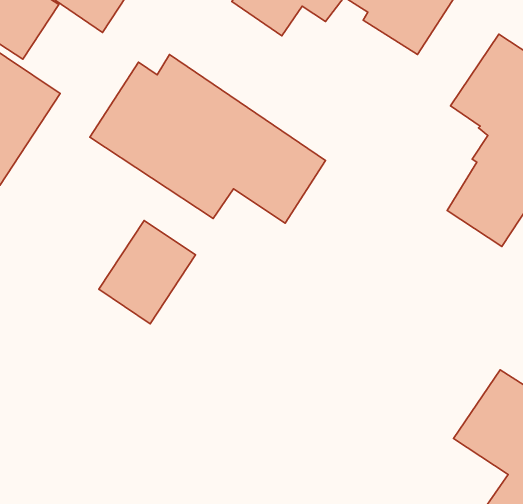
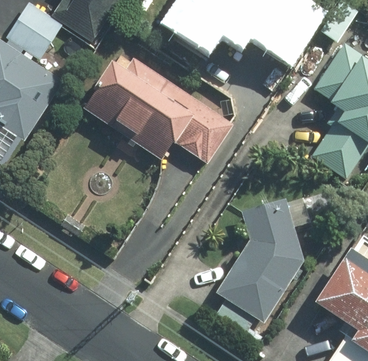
building: [99,220,195,324] -> none
building: none -> [215,197,303,331]

